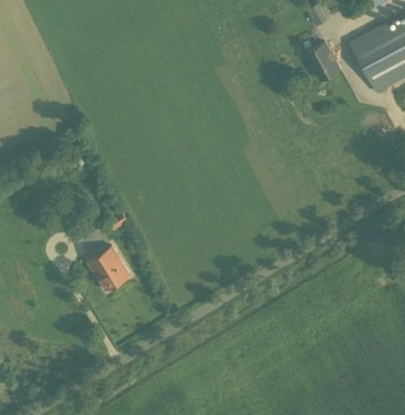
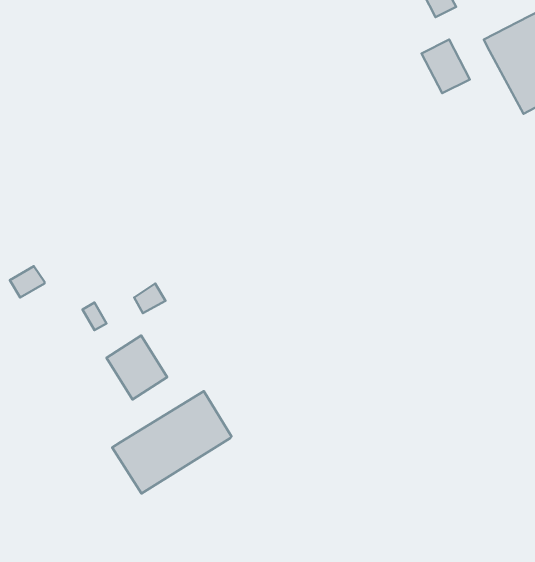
building: none -> [112,391,232,494]

